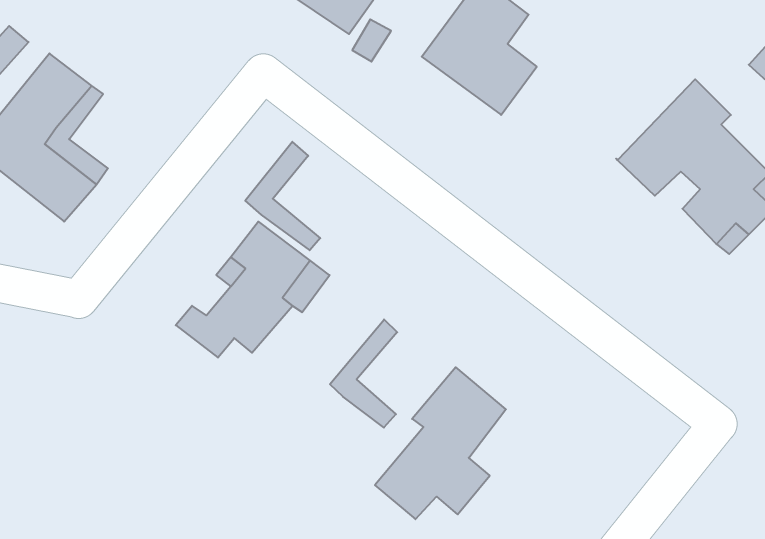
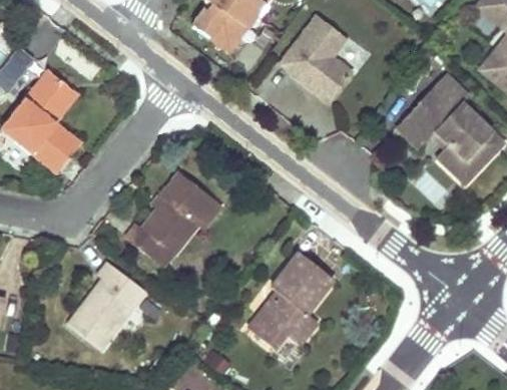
building: [245,142,320,250] -> none
building: [330,319,397,428] -> none
building: none -> [68,255,147,343]

